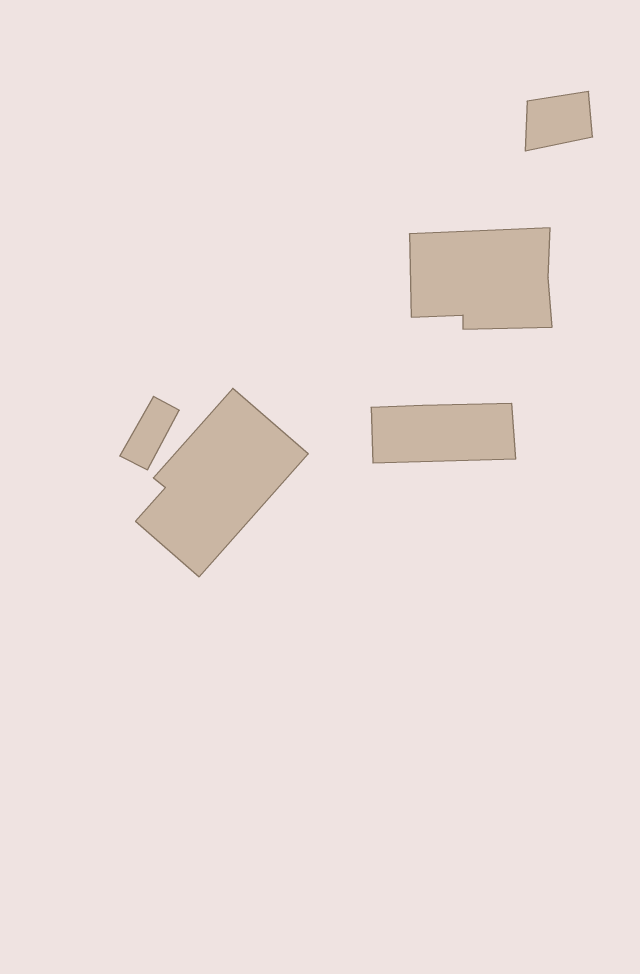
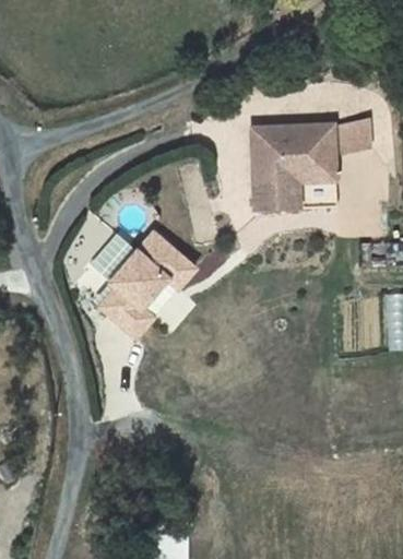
building: [525,91,593,151] -> [331,120,368,153]
building: [371,403,516,463] -> [256,180,335,213]

